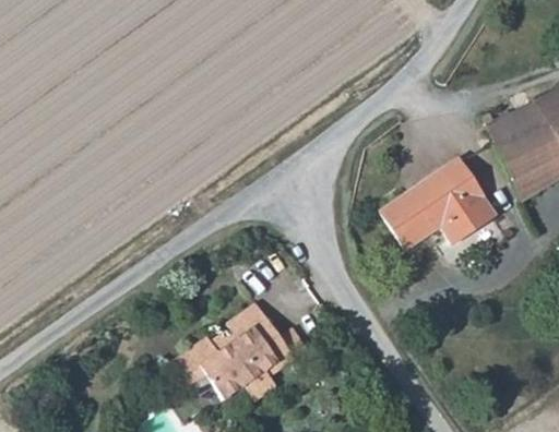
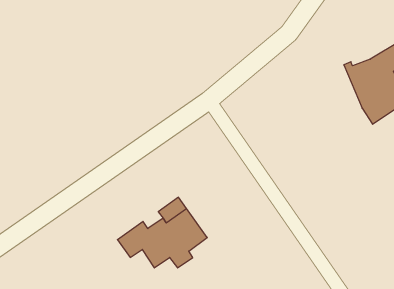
building: [382,158,496,245] -> none

